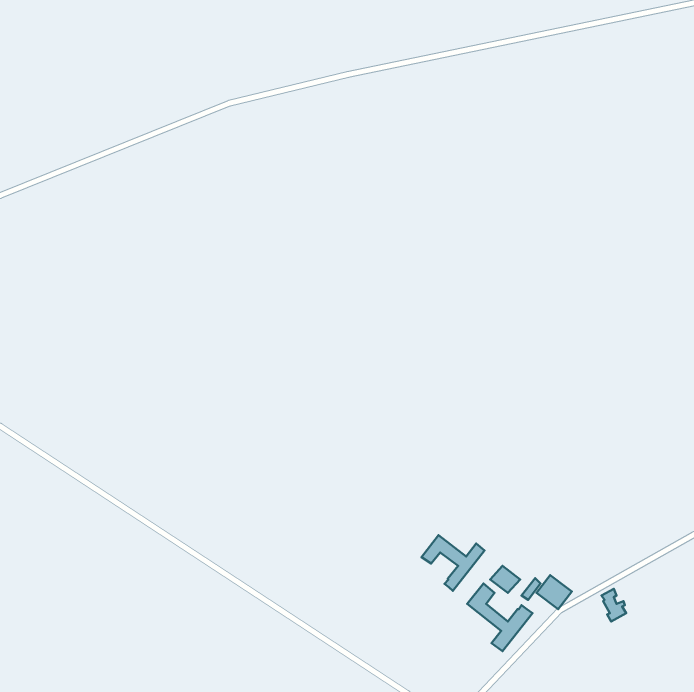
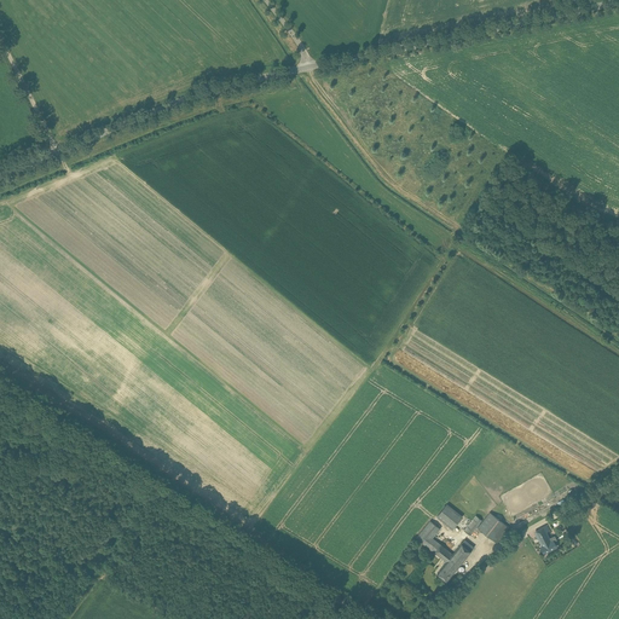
building: [422,535,485,591] -> none

